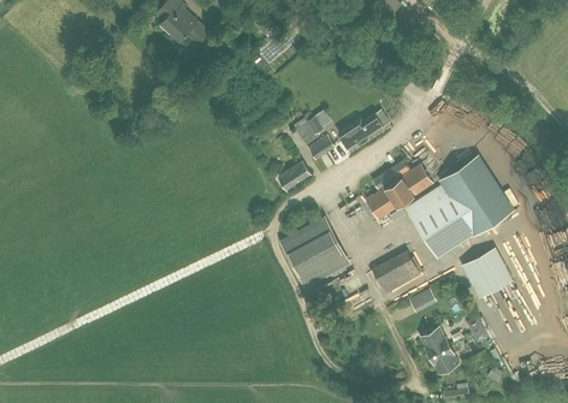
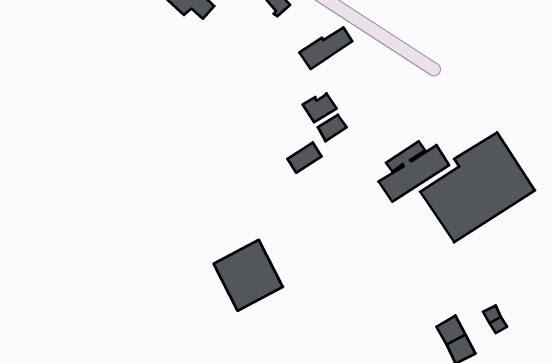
building: [338,111,389,150] -> [299,27,352,69]
building: [280,219,347,286] -> [214,240,283,311]
building: [460,248,513,300] -> none
building: [371,251,420,295] -> none

